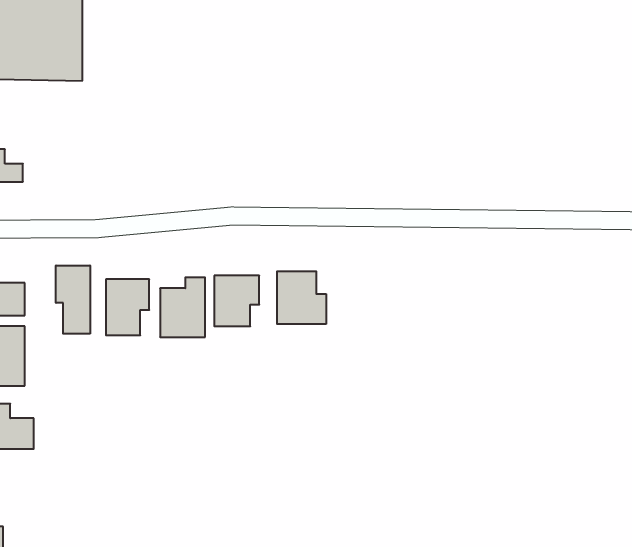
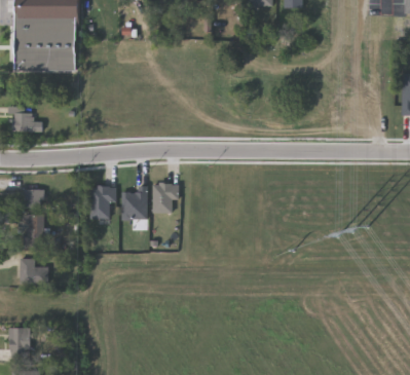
building: [56,265,90,334] -> none
building: [277,271,326,324] -> none

